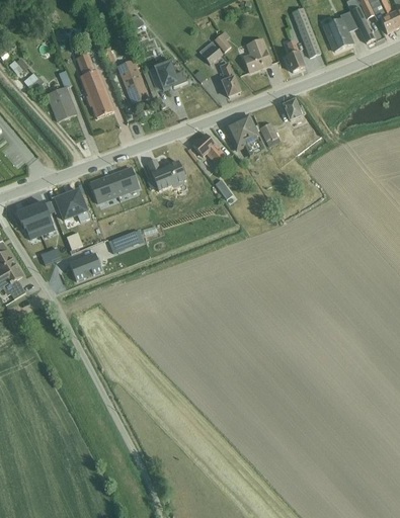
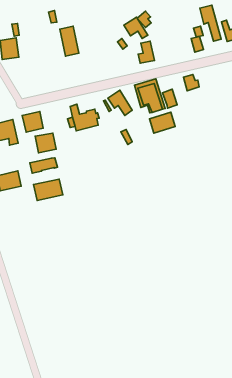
building: [242,39,267,70] -> none
building: [74,56,112,117] -> none
building: [156,59,191,90] -> none
building: none -> [149,112,175,133]
building: [110,168,139,195] -> [35,133,56,153]
building: none -> [33,179,63,201]

